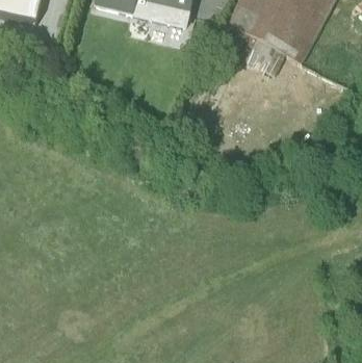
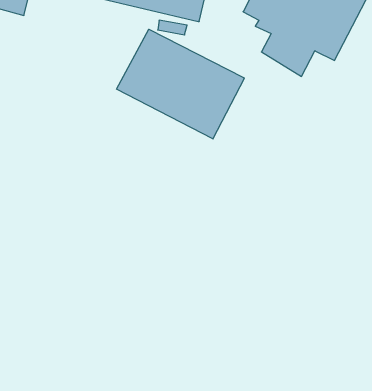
building: none -> [117,29,244,139]

